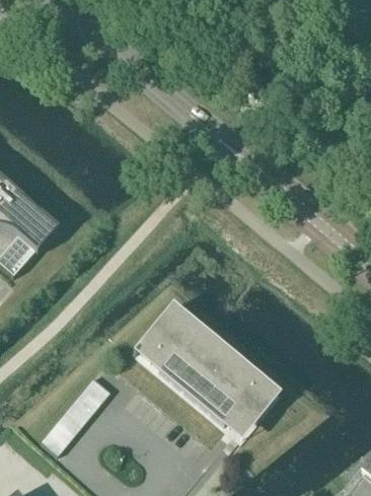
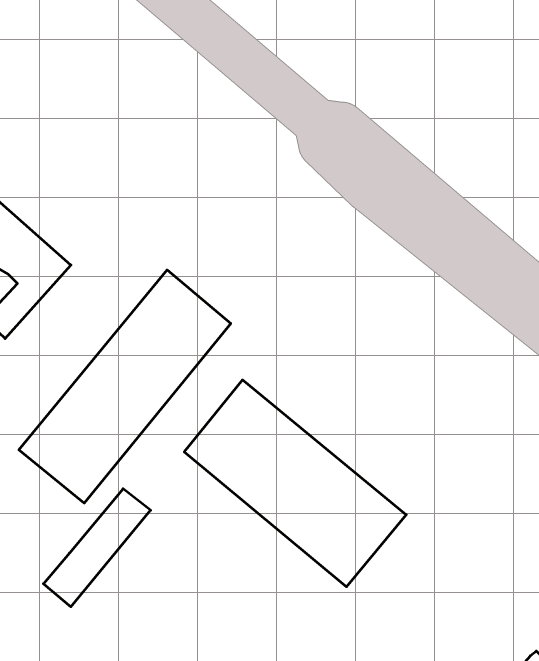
building: none -> [19,270,231,503]

